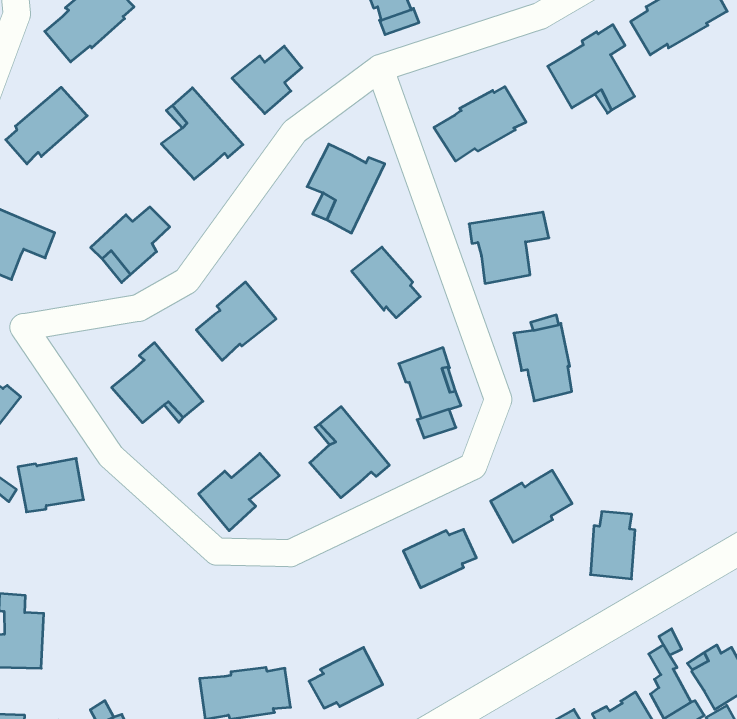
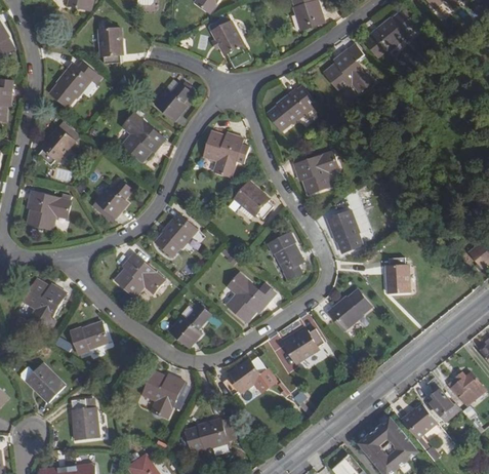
building: [590,512,635,579] -> [385,256,410,292]
building: none -> [141,370,184,419]
building: [309,647,383,708] -> [221,359,261,395]

